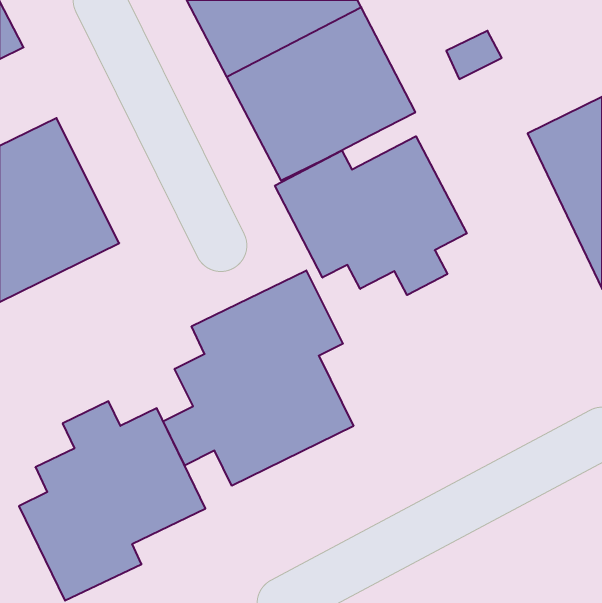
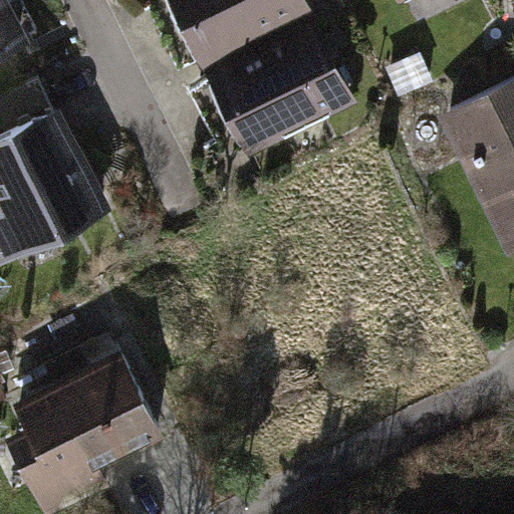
building: [275,136,467,295] -> none
building: [163,270,353,486] -> none

